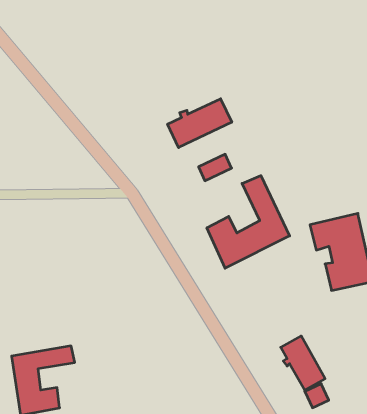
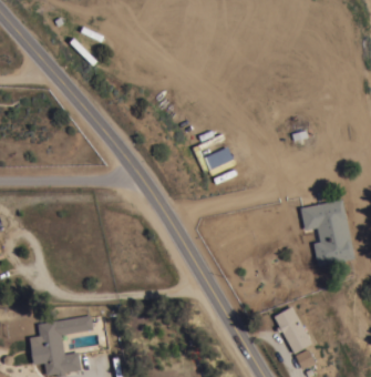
building: [168,99,232,148] -> none
building: [207,176,290,268] -> none

